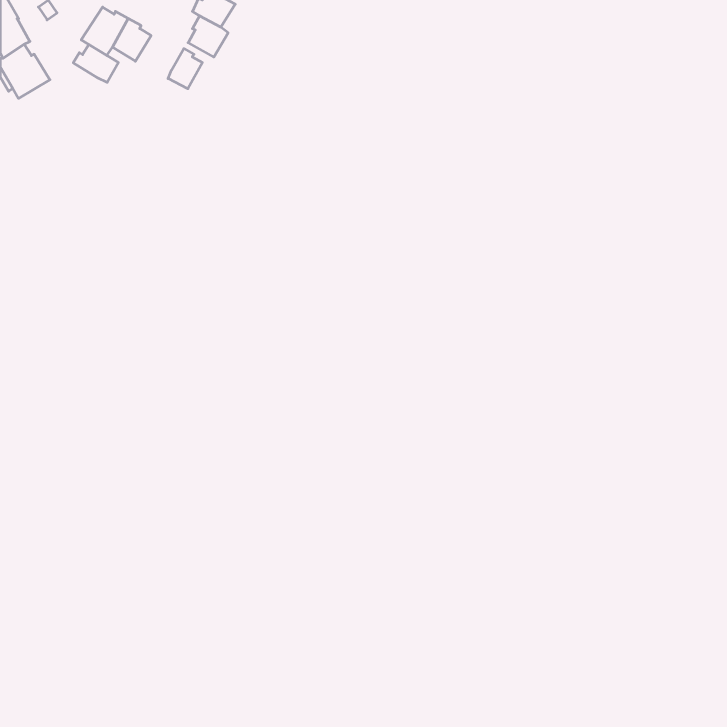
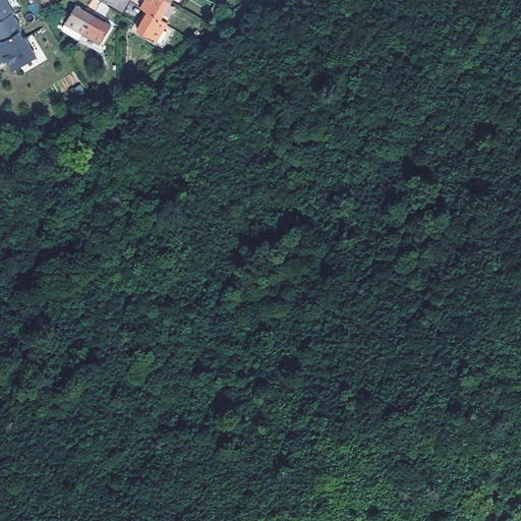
building: [73,44,118,82] -> none
building: [168,49,202,89] -> none

